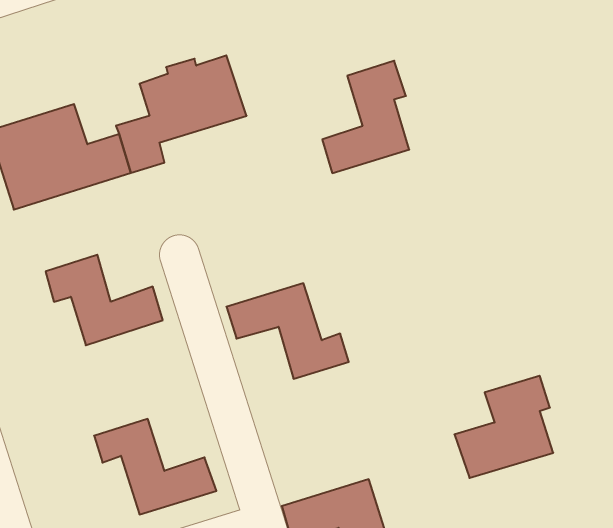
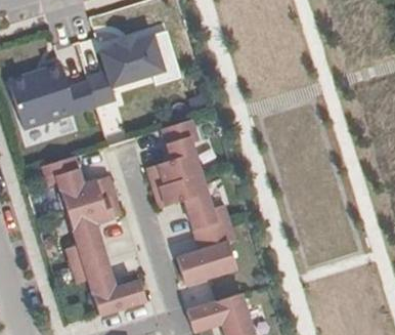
building: [322,61,409,173] -> [147,120,201,189]
building: none -> [68,197,121,267]
building: [454,376,553,478] -> [176,222,236,285]

